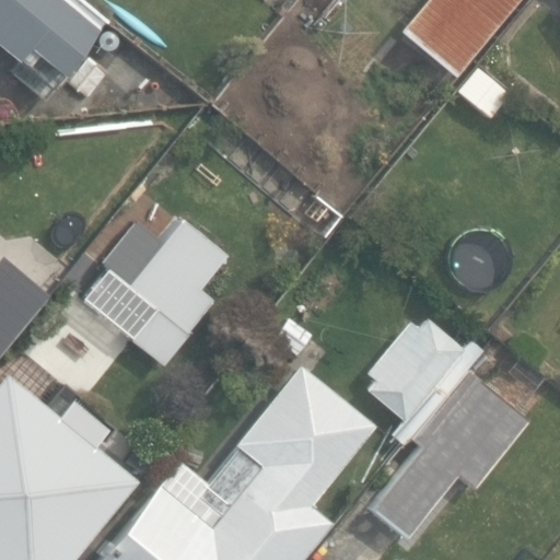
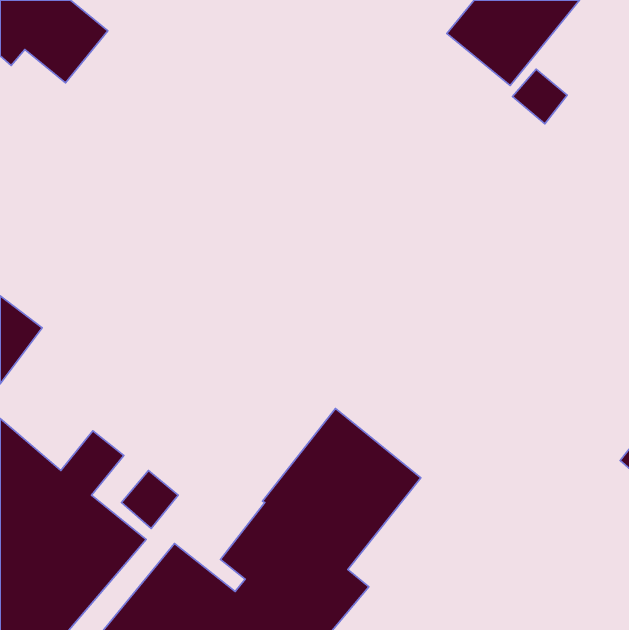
building: [61,221,226,365] -> none
building: [368,318,530,539] -> none

